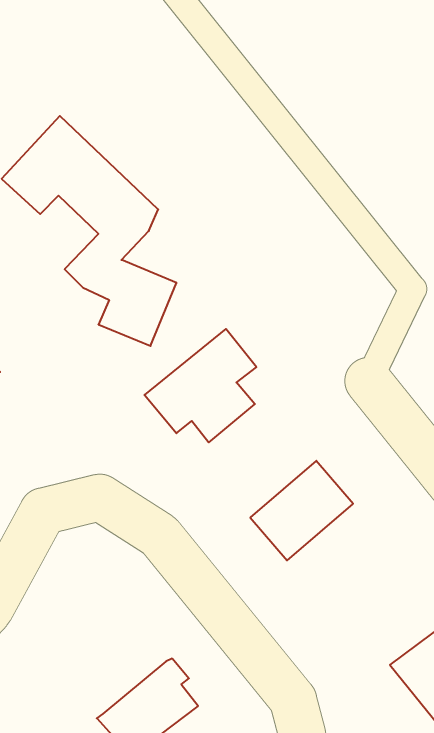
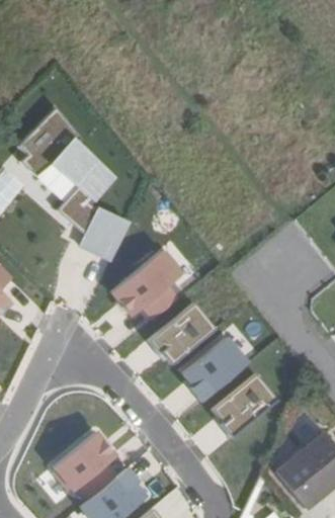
building: none -> [148,307,215,369]
building: none -> [207,372,278,439]
building: none -> [53,433,123,503]

